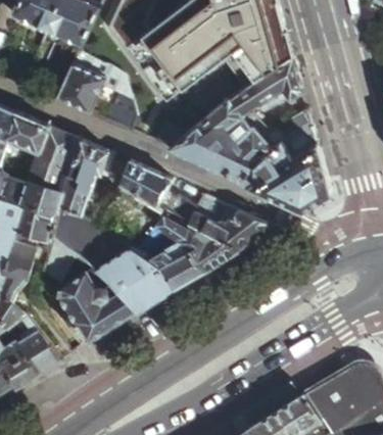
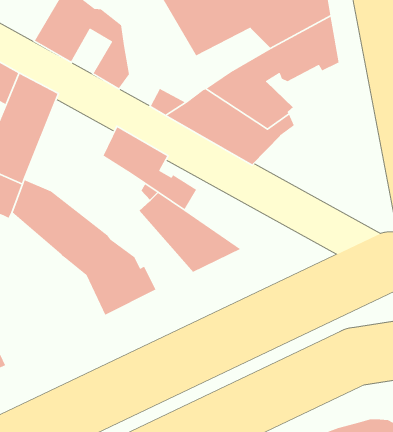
building: [239,111,327,208] -> none
building: [59,139,111,216] -> none
building: [189,199,265,248] -> none
building: [133,226,200,287] -> none
building: [58,267,134,342] -> none

